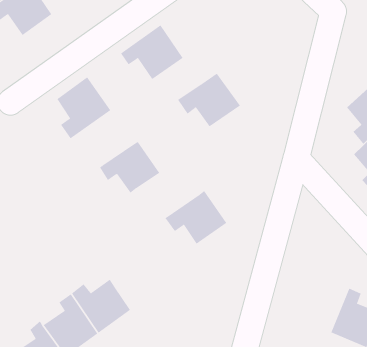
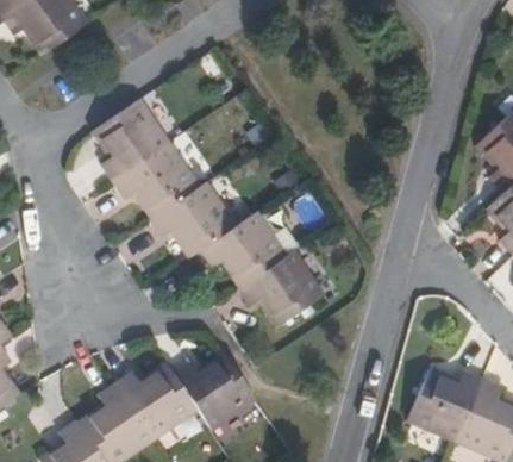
building: [120,24,184,80] -> [113,146,196,219]
building: [177,73,241,127] -> [199,214,282,286]
building: none -> [173,357,255,429]
building: none -> [405,372,478,438]

